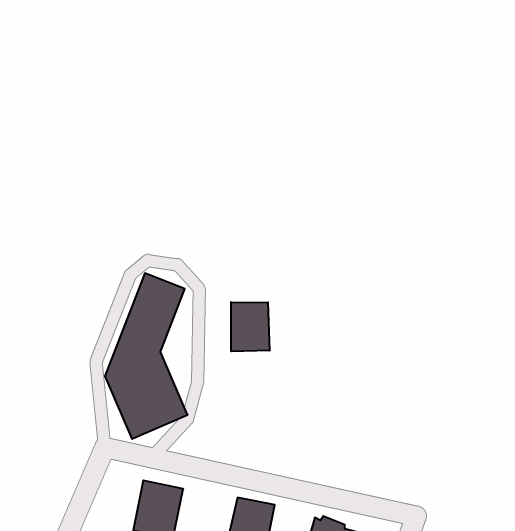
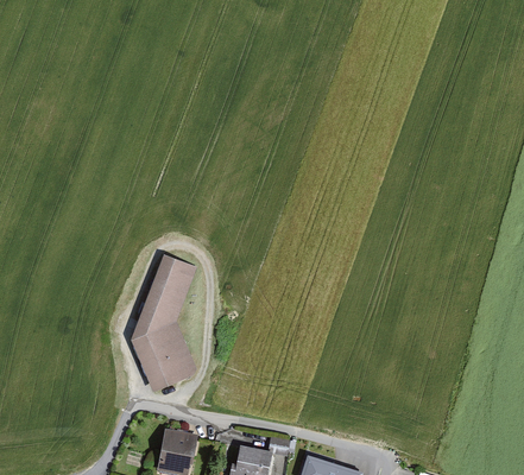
building: [231,302,270,351] -> none

